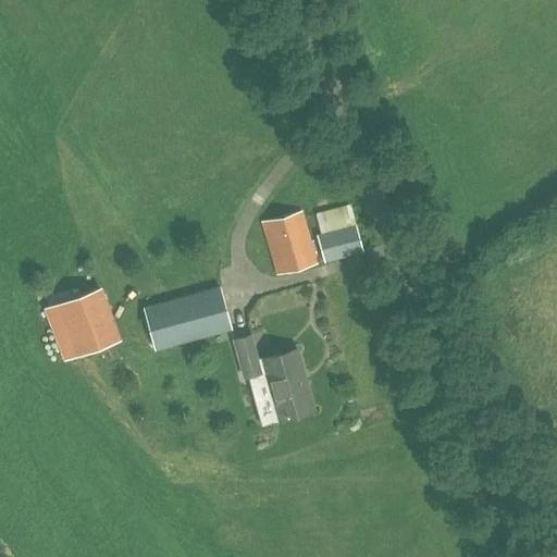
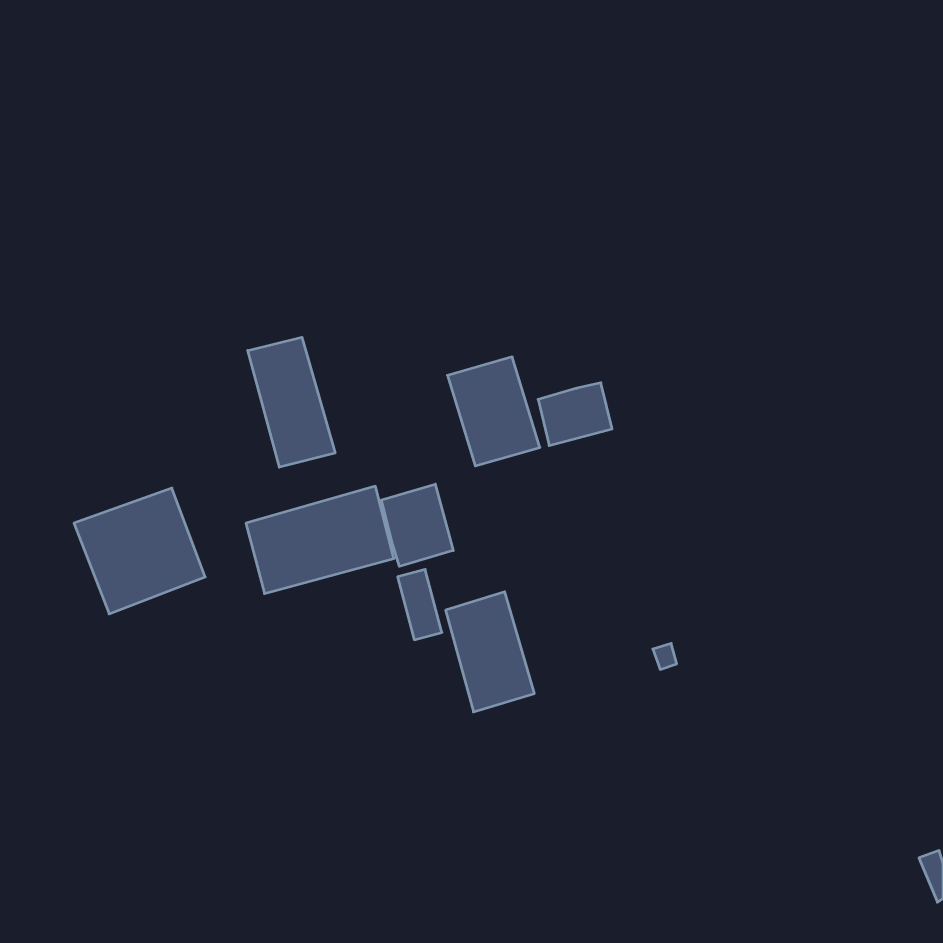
building: none -> [248,337,335,467]
building: none -> [381,484,453,566]

